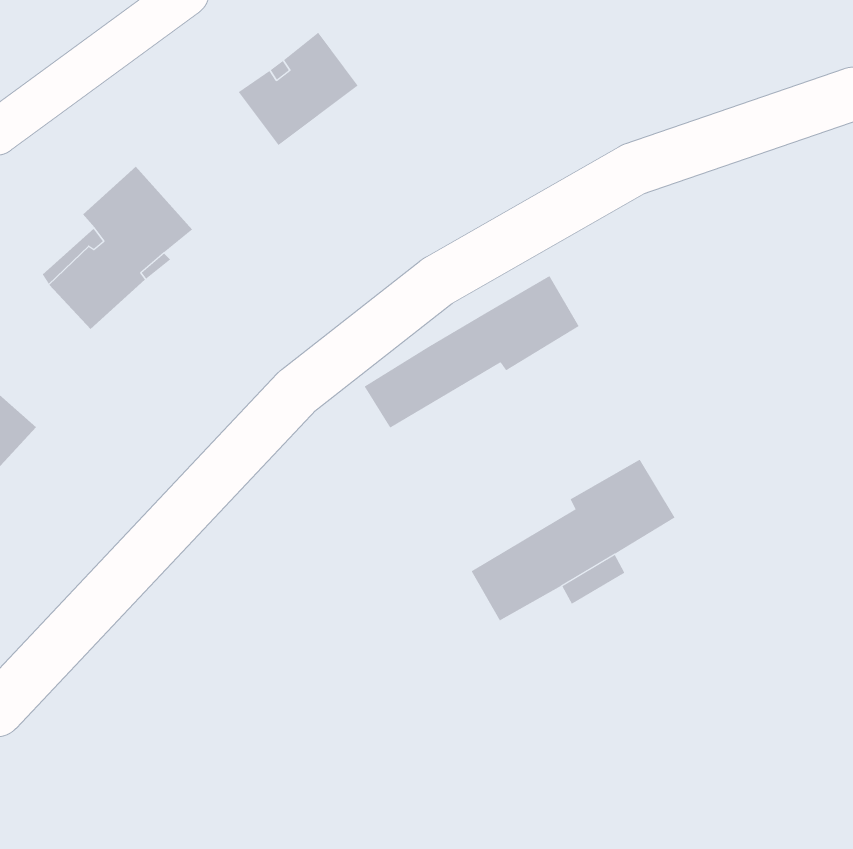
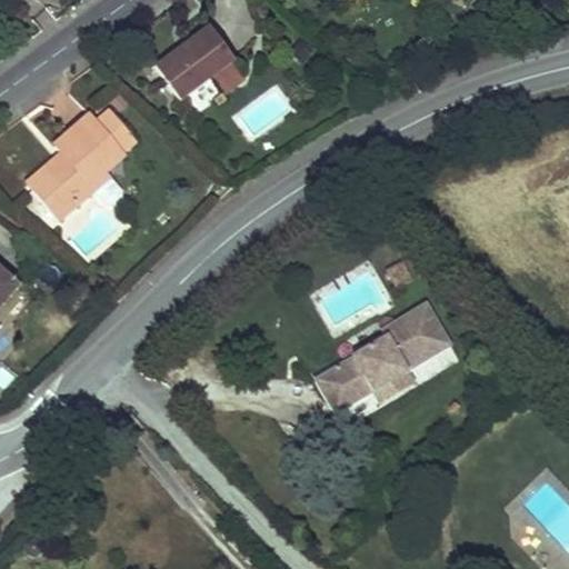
building: [364,275,579,428] -> none

